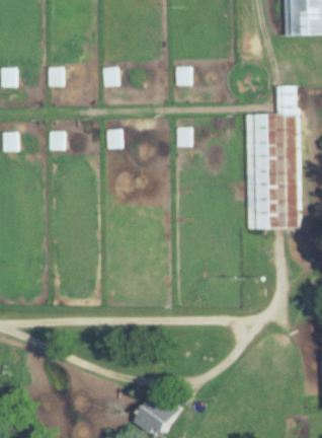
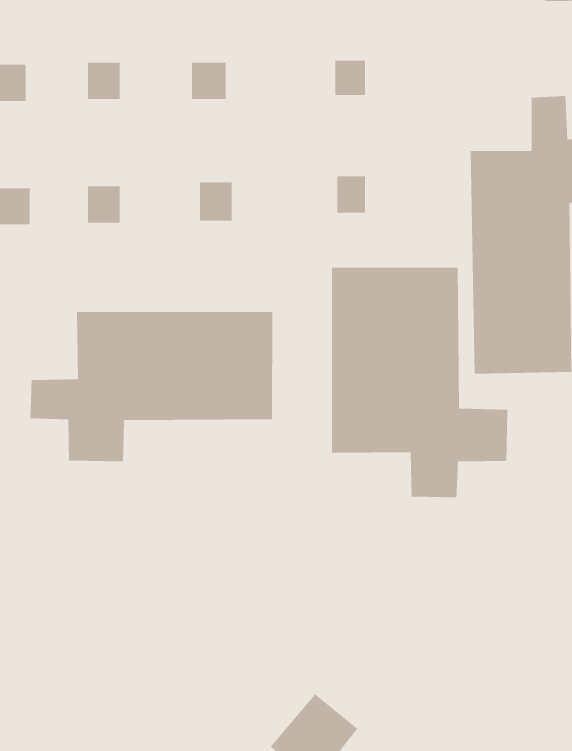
building: none -> [331,267,508,498]
building: none -> [30,311,273,462]

